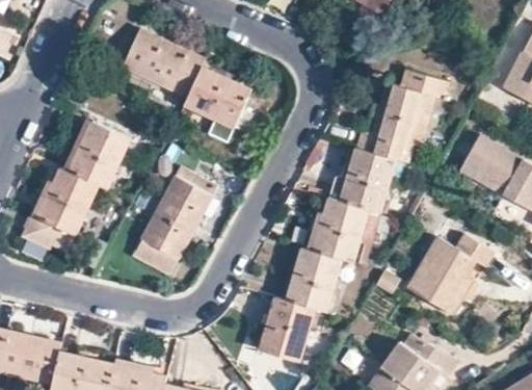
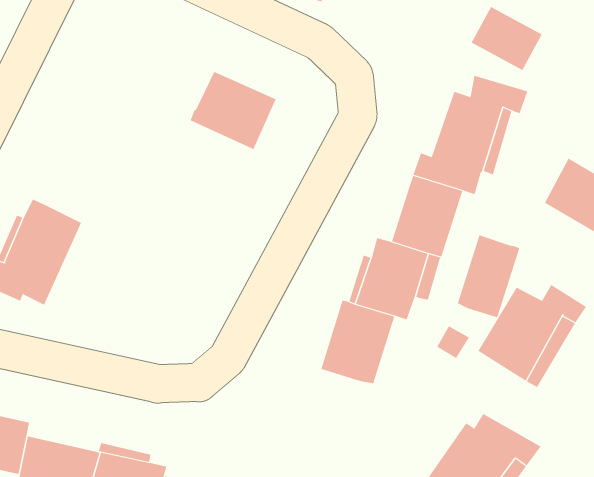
building: none -> [471,6,542,71]
building: [122,28,204,97] -> none
building: [70,122,129,188] -> none
building: [132,166,215,275] -> none
building: none -> [457,235,520,318]
building: [259,296,315,361] -> none

